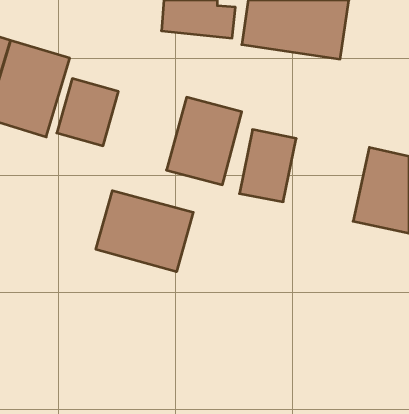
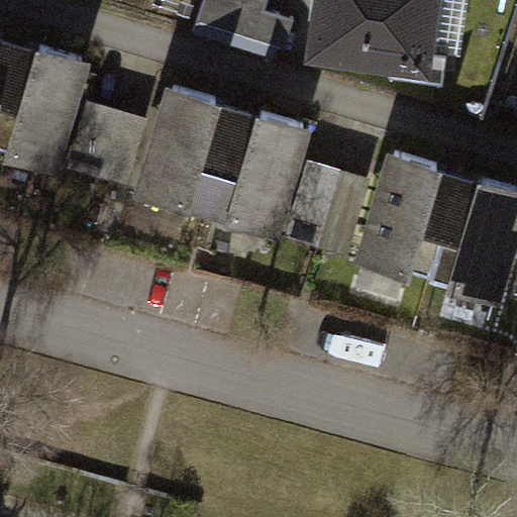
building: none -> [138,102,232,212]
building: none -> [367,168,459,276]
building: [96,191,193,272] -> none

